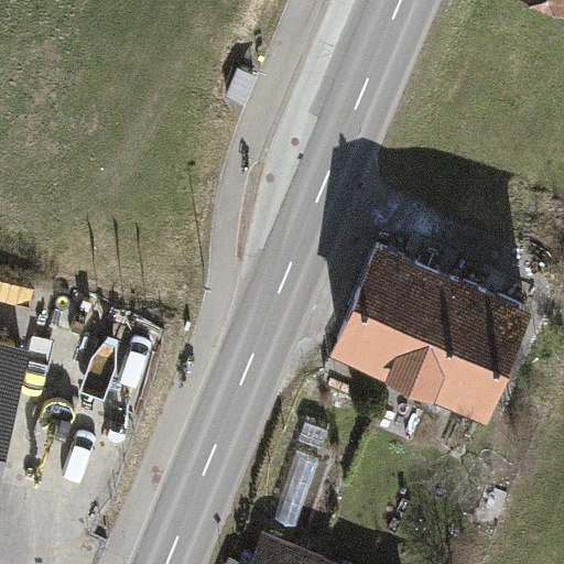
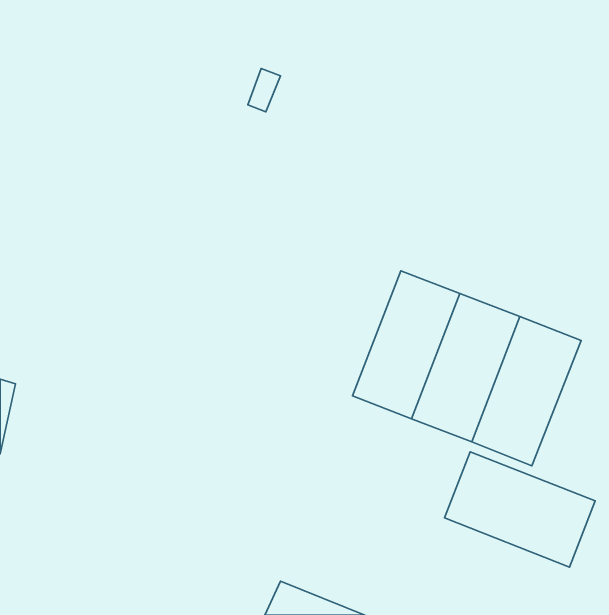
building: none -> [444,452,595,567]

